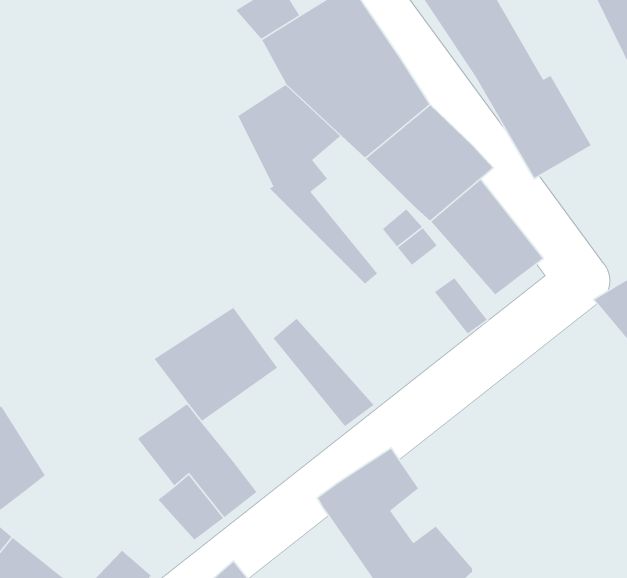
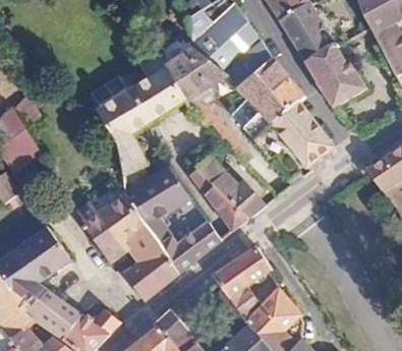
building: none -> [97,45,188,177]
building: none -> [195,155,268,224]
building: none -> [74,198,141,262]
building: none -> [167,226,221,272]

